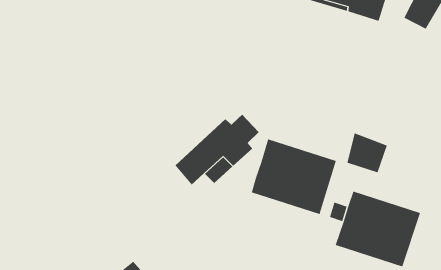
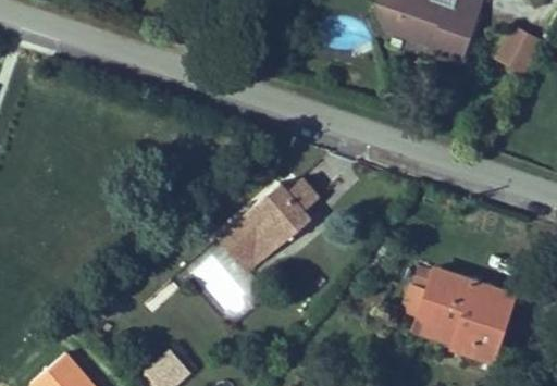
building: [347,133,388,173] -> none
building: [251,139,336,215] -> none

